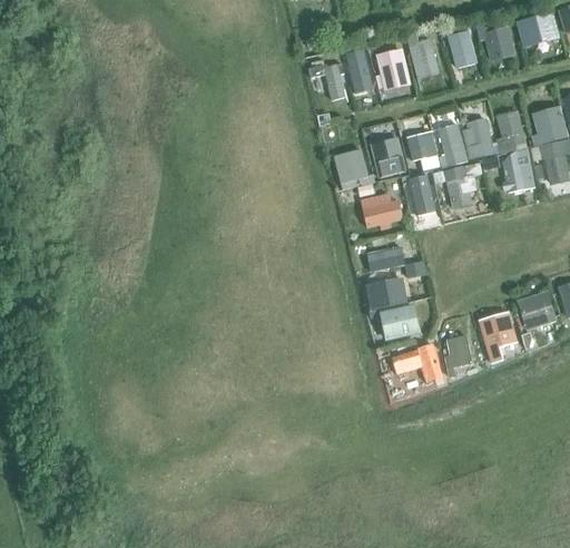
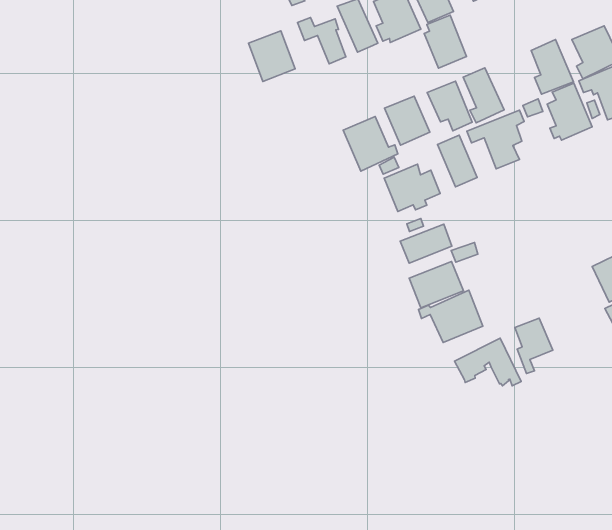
building: none -> [248,31,295,81]
building: [462,118,493,159] -> [424,15,467,68]
building: [480,313,517,363] -> none

